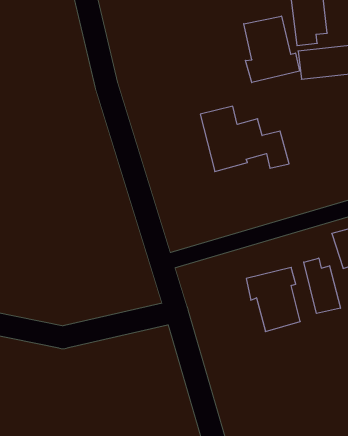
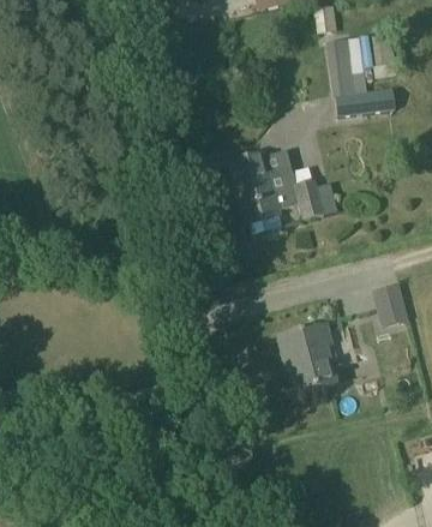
building: [244,16,299,83] -> none
building: [304,258,340,313] -> none

